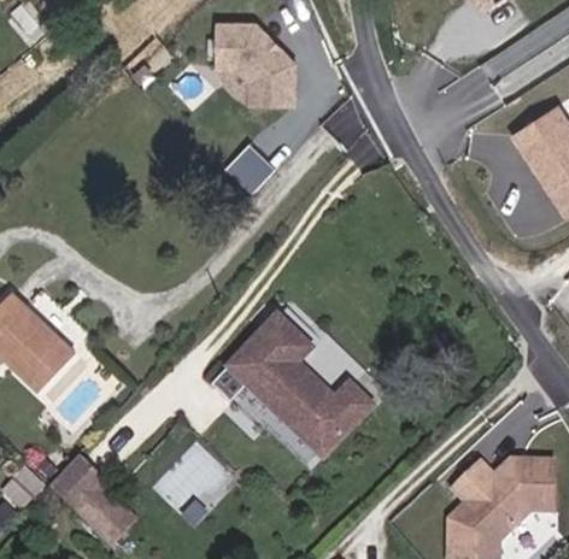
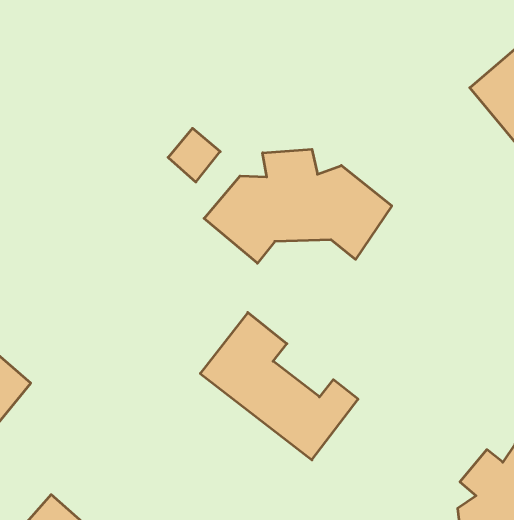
building: [233,31,310,114] -> none
building: none -> [204,149,392,263]

